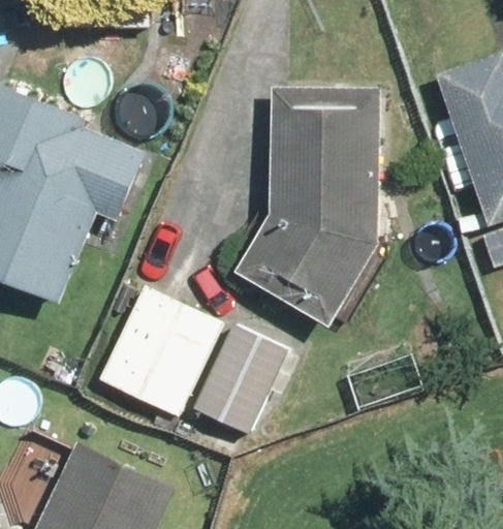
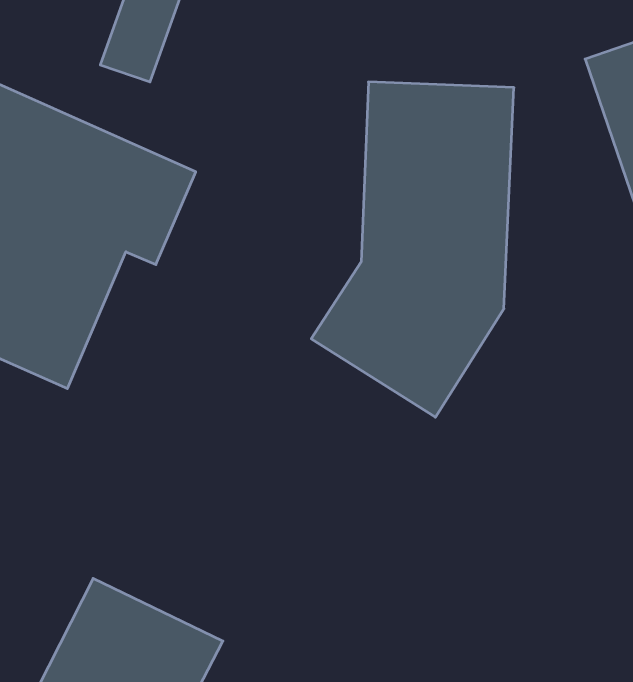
building: [99,284,224,416] -> none
building: [191,319,289,433] -> none

